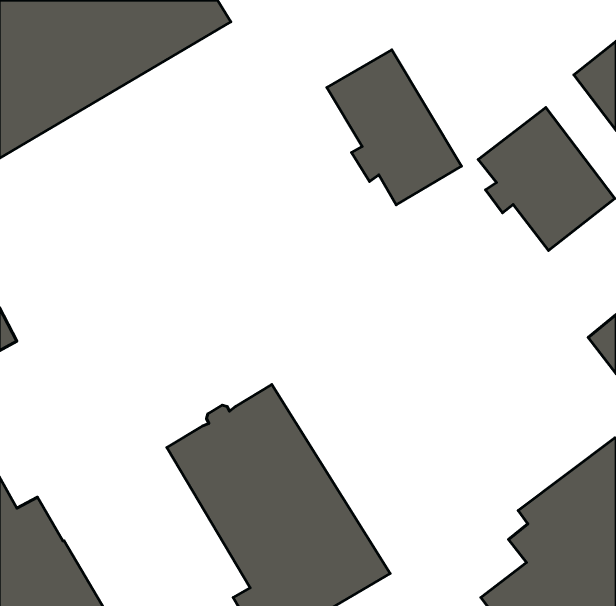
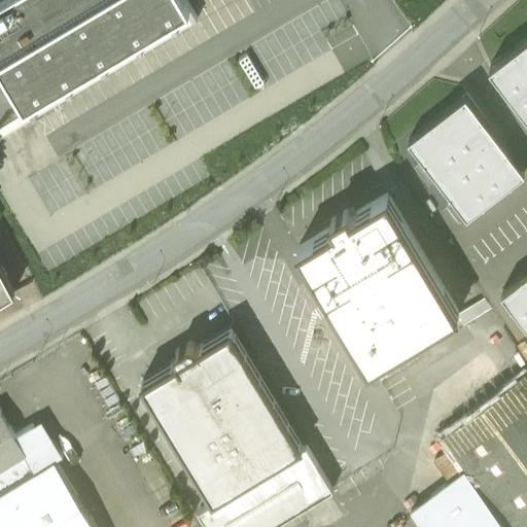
building: [327,50,462,205] -> none
building: none -> [297,202,458,375]

